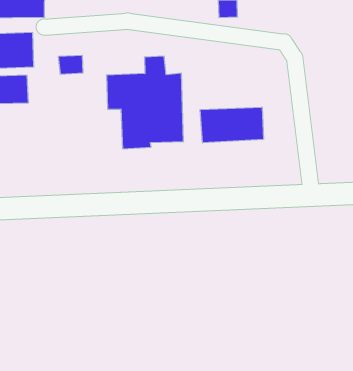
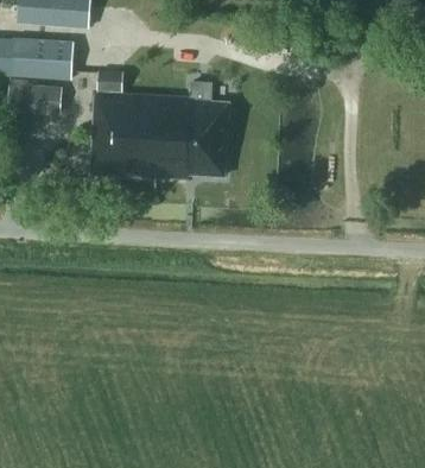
building: none -> [93,93,159,176]
building: [200,107,263,143] -> none

